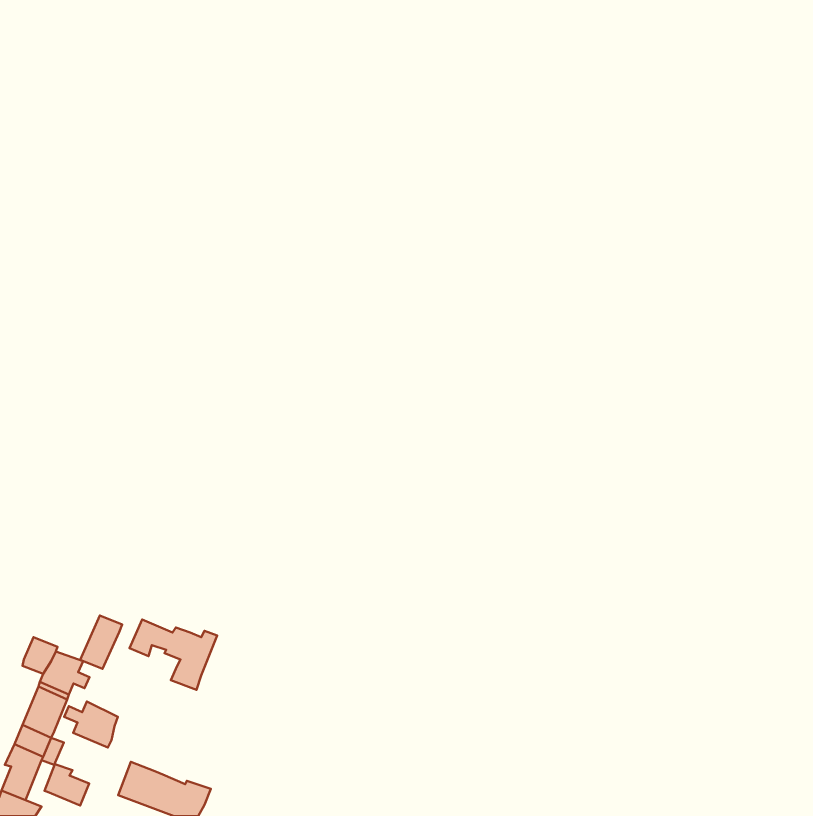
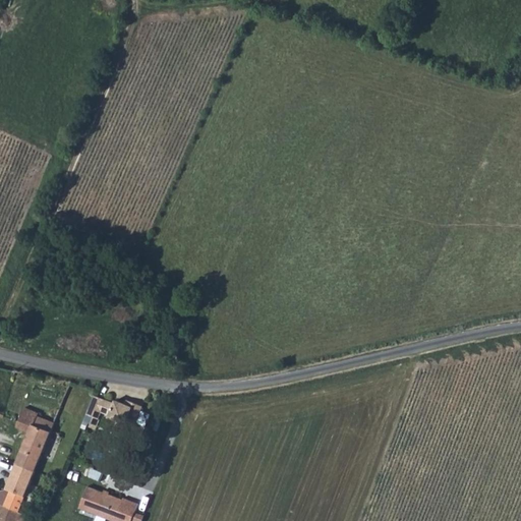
building: [80,615,122,669] -> none
building: [64,702,118,747] -> none
building: [45,764,89,805] -> none

